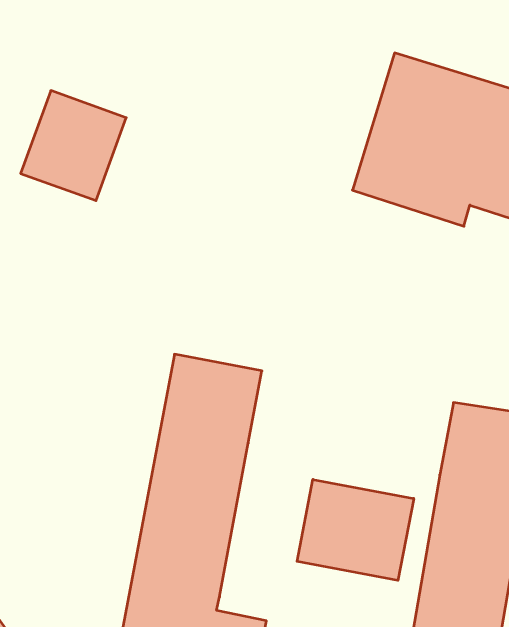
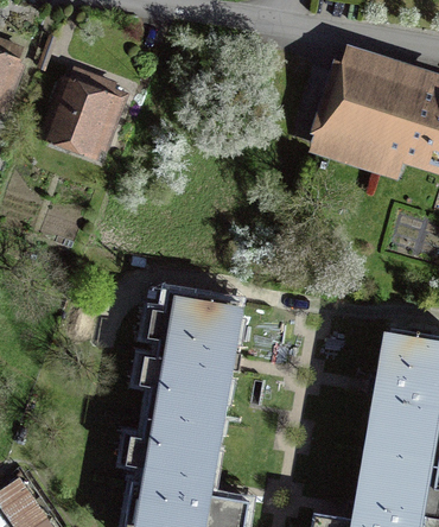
building: [297,479,414,580] -> none

